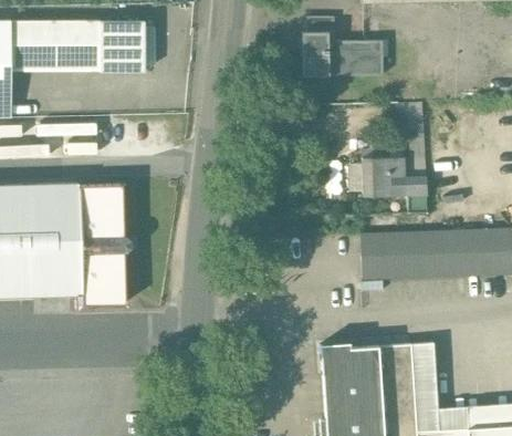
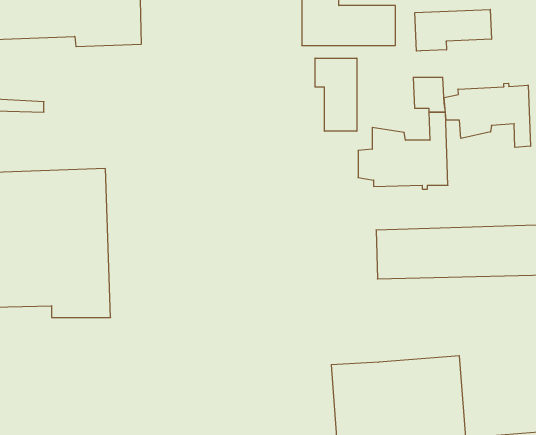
building: none -> [415,9,491,51]
building: none -> [315,58,357,131]
building: none -> [444,83,531,147]

